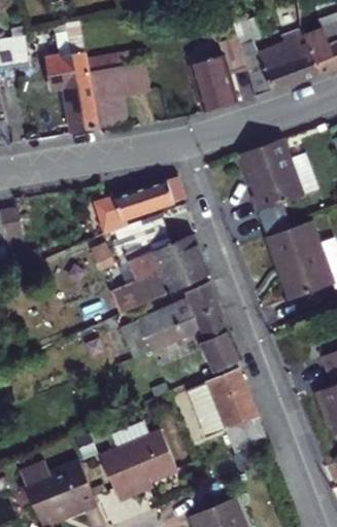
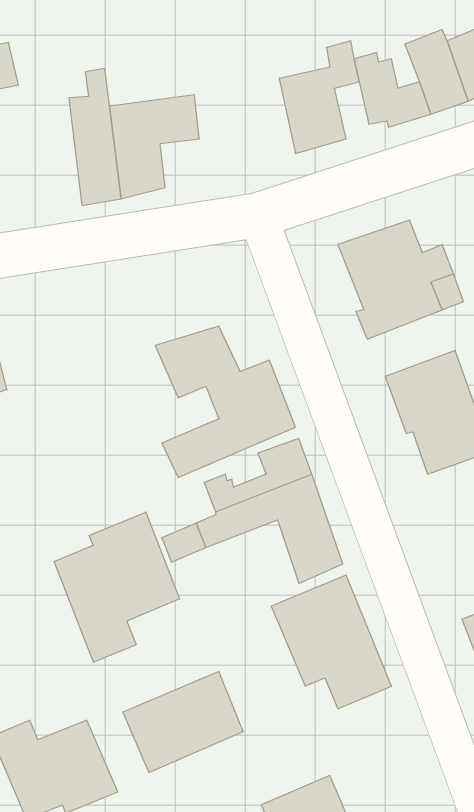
building: [101,173,180,218] -> none
building: none -> [54,512,180,662]

